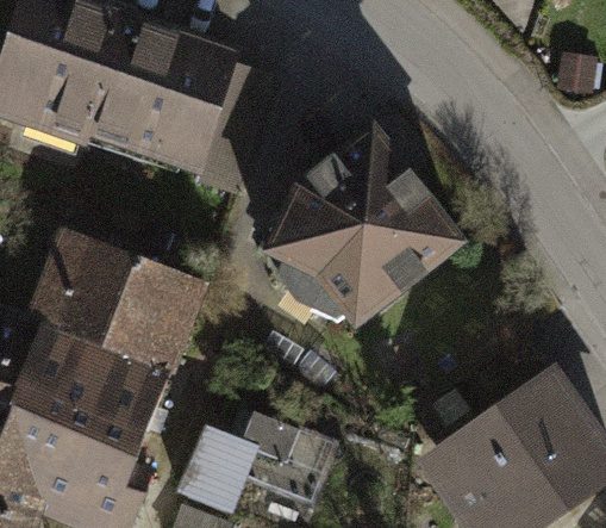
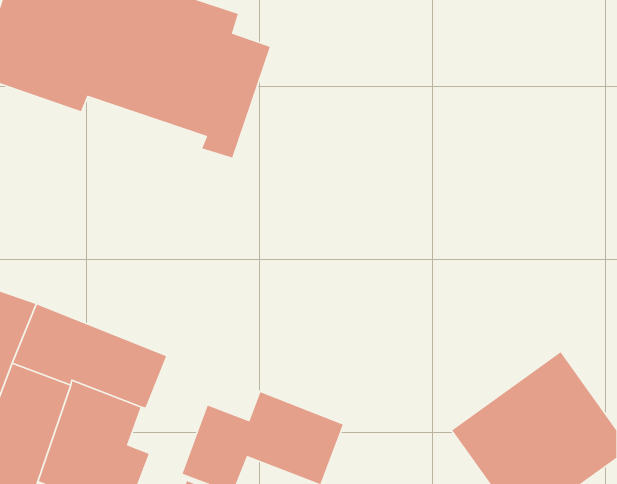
building: [258,126,463,333] -> none
building: [40,235,200,368] -> none

